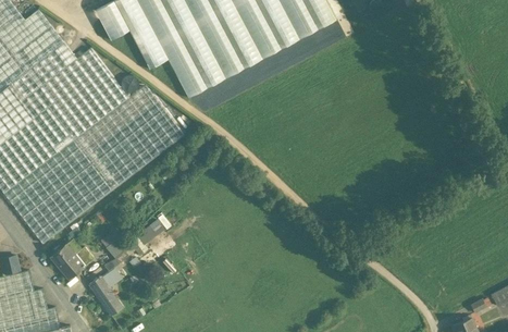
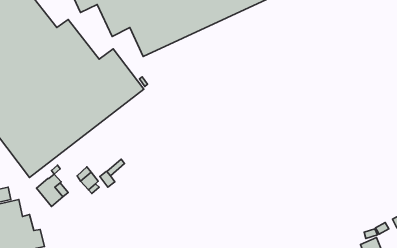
building: [89,274,123,317] -> none

